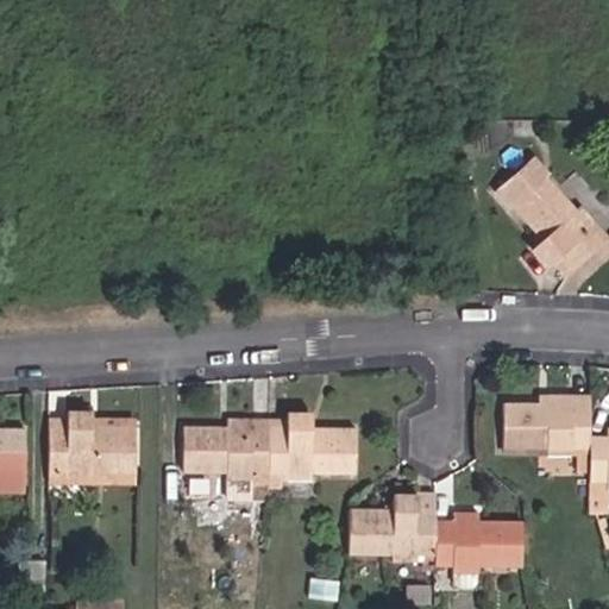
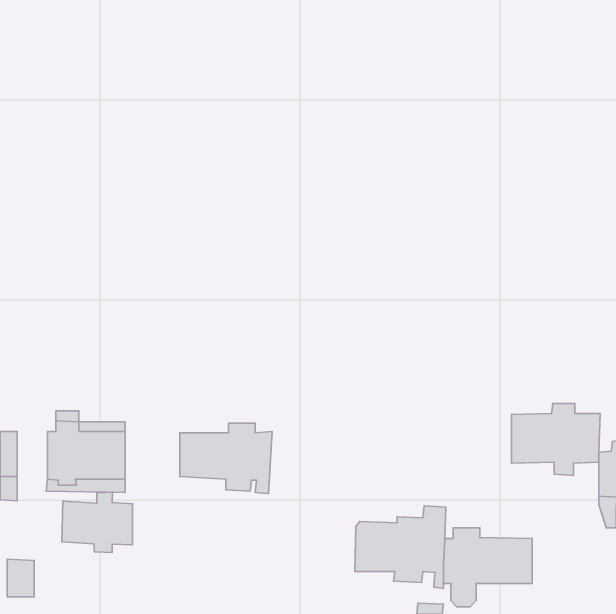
building: [491,153,601,268] -> none
building: [268,414,353,484] -> none
building: none -> [62,492,133,552]

